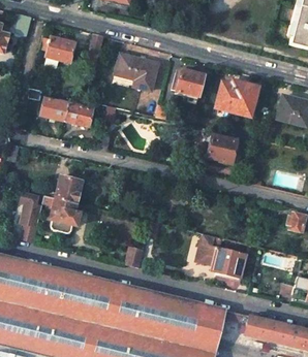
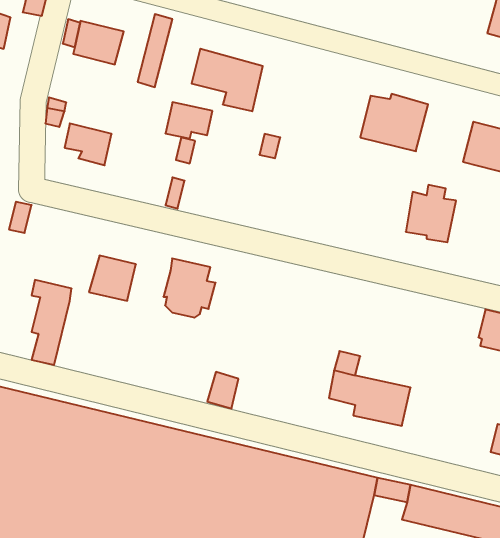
building: [176,70,204,97] -> none
building: [64,104,92,126] -> [165,102,212,139]
building: [208,131,238,165] -> [406,185,456,242]
building: [50,198,81,233] -> [163,258,216,318]

